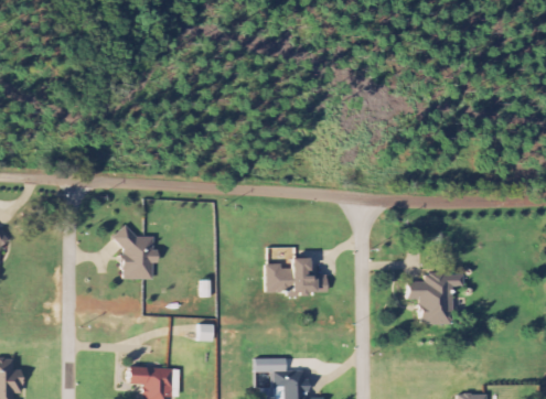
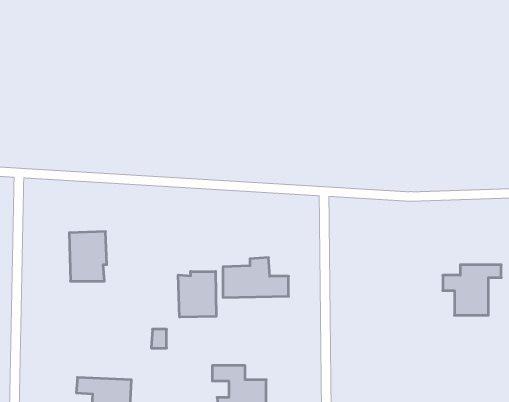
building: none -> [178,271,216,317]
building: [408,273,463,321] -> [443,265,501,315]

